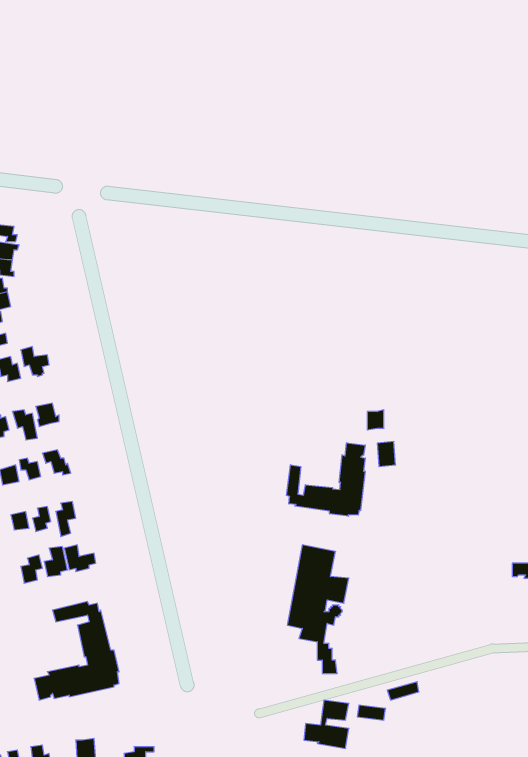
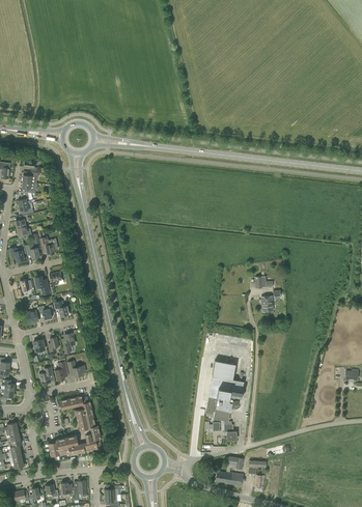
building: [287,443,365,516] -> none

